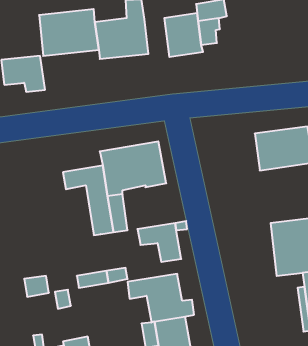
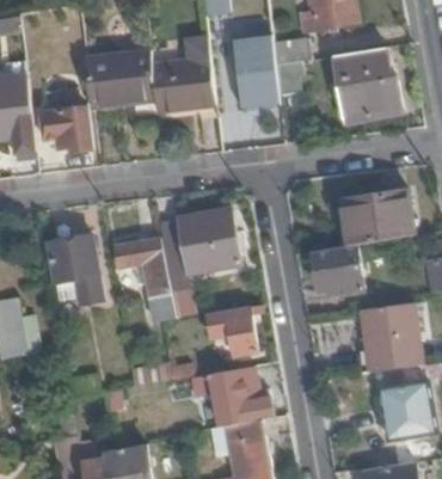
building: none -> [334,48,399,119]
building: none -> [49,238,102,305]
building: none -> [314,248,367,289]

